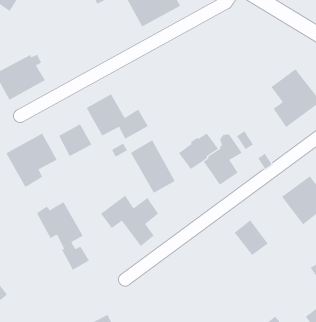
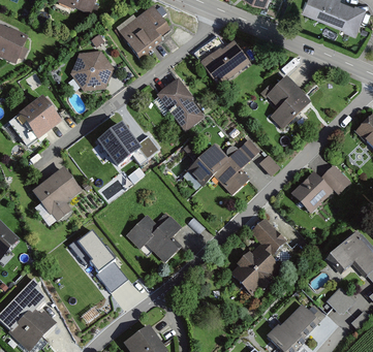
building: none -> [73,52,110,88]
building: none -> [200,39,249,86]
building: [58,123,92,157] -> none
building: [130,139,176,194] -> [158,79,204,129]
building: none -> [230,247,281,297]

